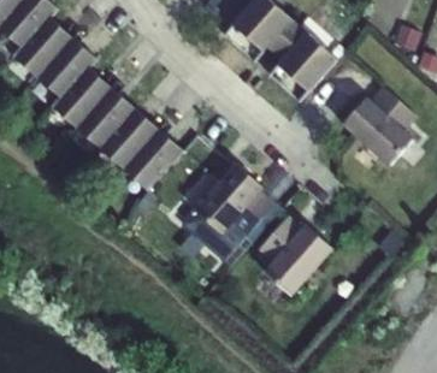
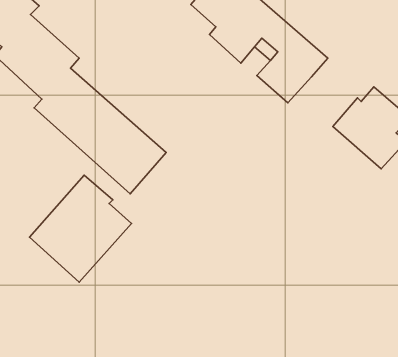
building: [182,162,280,266] -> [29,175,131,282]
building: [258,215,332,295] -> none

